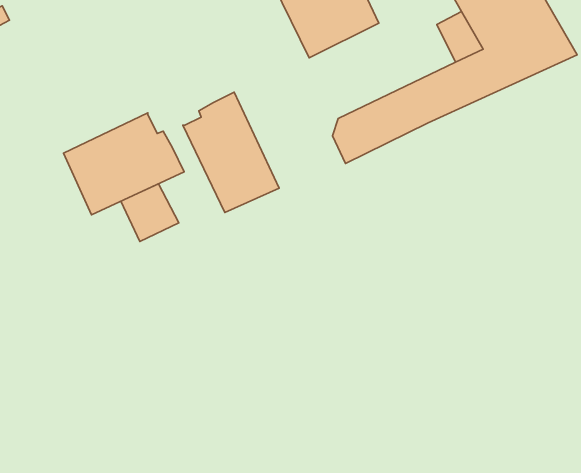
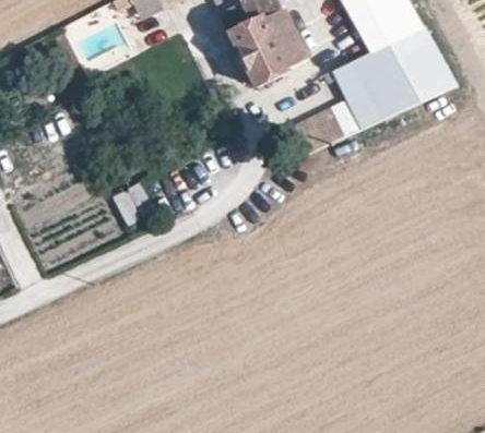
building: [183,92,279,213] -> none
building: [64,113,184,215] -> none

